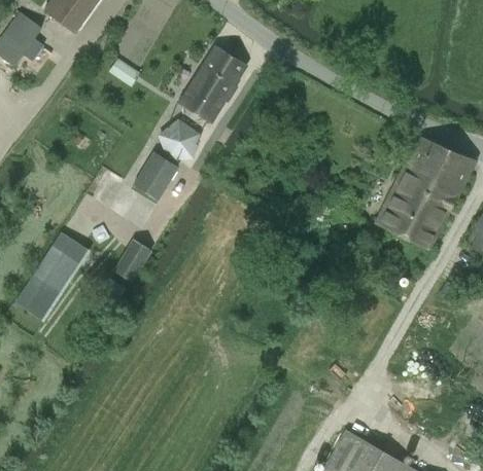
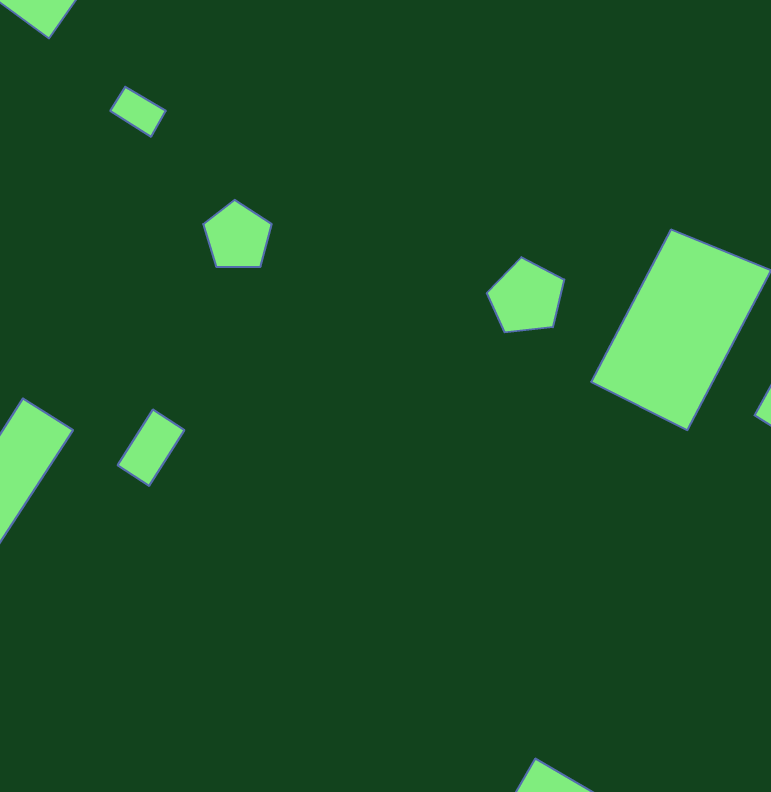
building: [180,46,245,121] -> none
building: [134,151,178,198] -> none
building: none -> [487,257,564,332]

